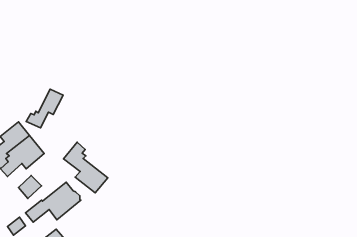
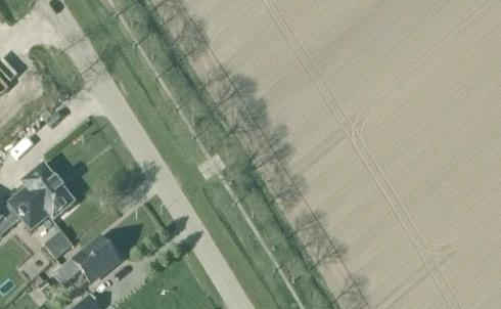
building: [26,89,63,128] -> none
building: [64,142,108,193] -> none

